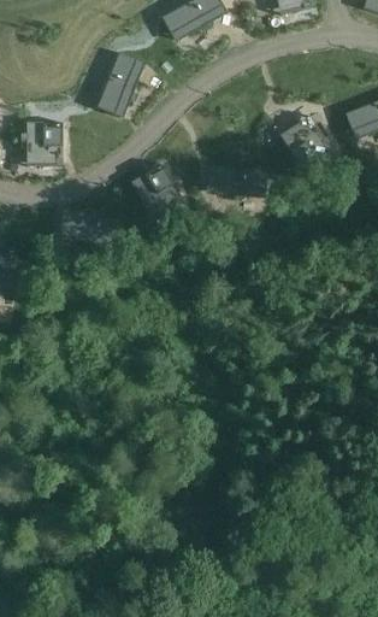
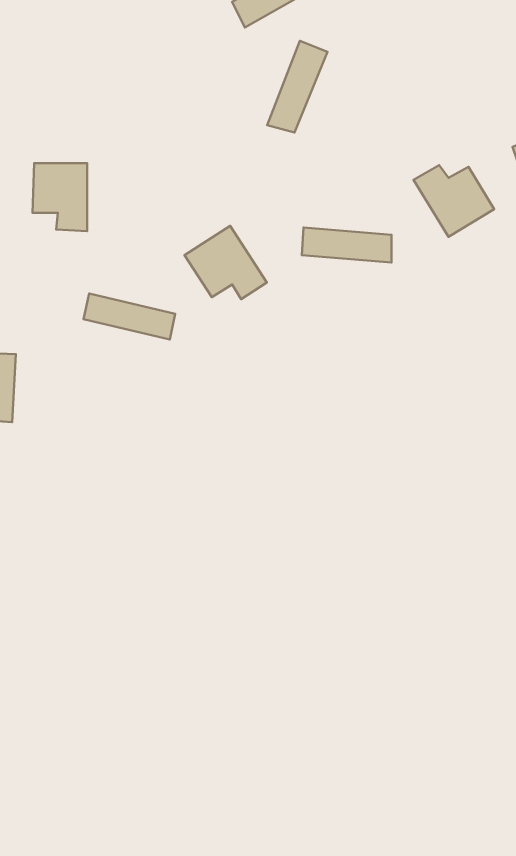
building: [96,52,136,112] -> [267,41,327,133]

